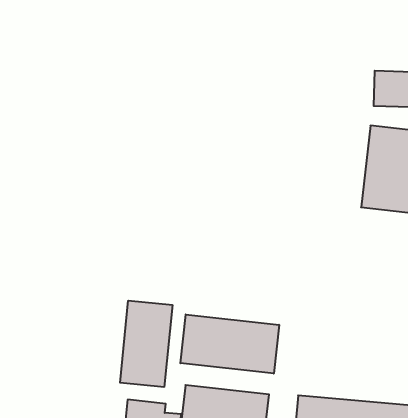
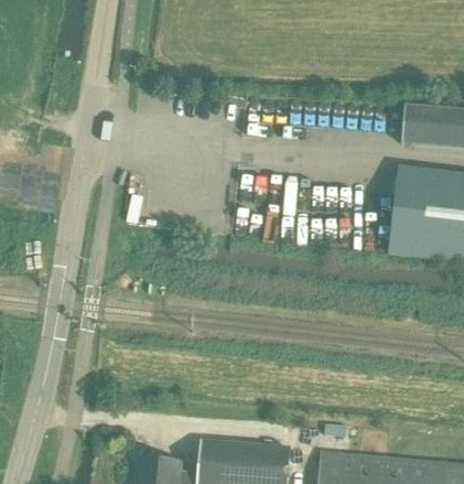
building: [120,301,172,387] -> none
building: [180,314,279,374] -> none

